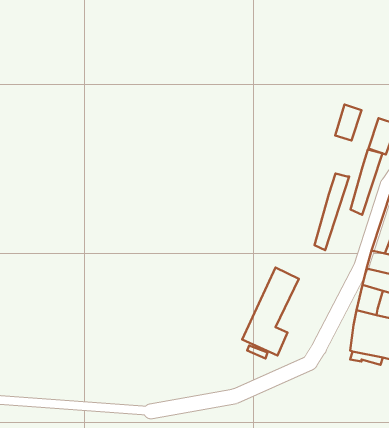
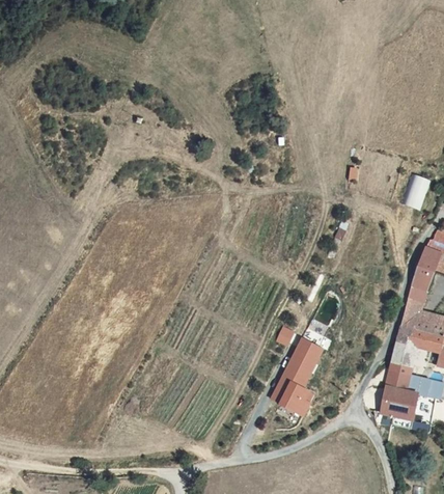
building: [335,104,361,140] -> none
building: [351,149,383,215] -> none
building: [314,173,349,250] -> none

